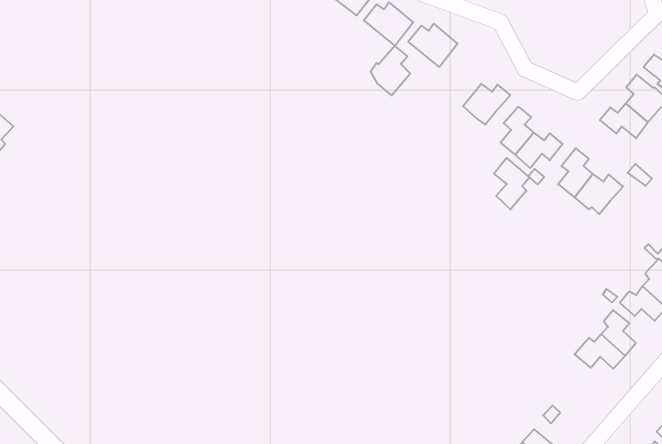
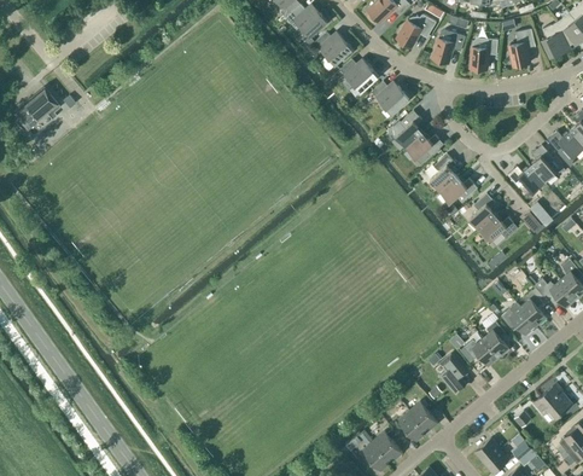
building: [370,46,410,95] -> [392,110,422,147]
building: [494,158,529,210] -> none
building: none -> [439,354,467,394]

